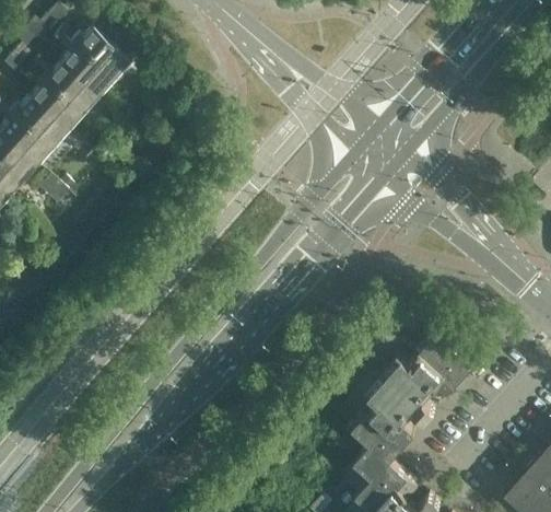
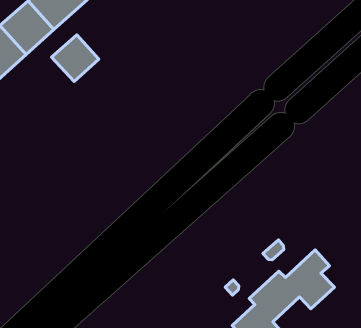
building: none -> [51,35,99,82]

